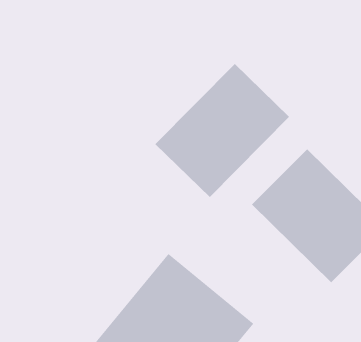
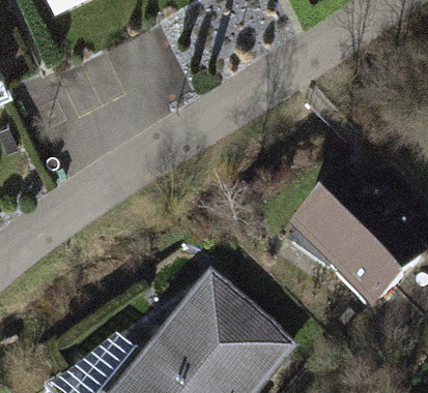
building: [155,63,290,198] -> none

